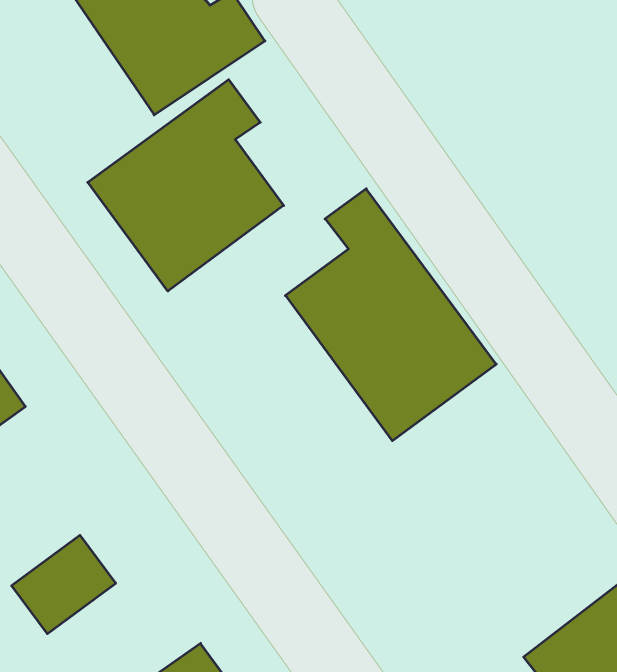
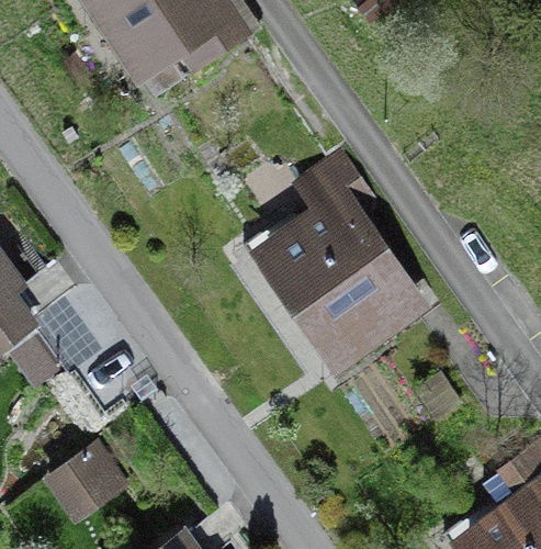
building: [88,80,284,291] -> none

